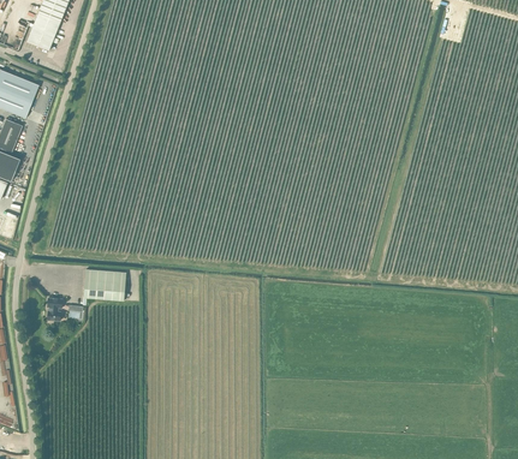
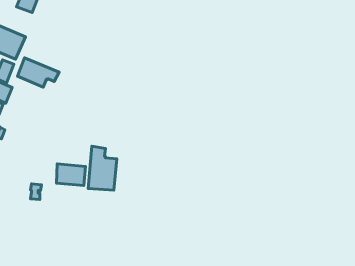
building: none -> [17,58,59,87]
building: none -> [88,146,117,190]

